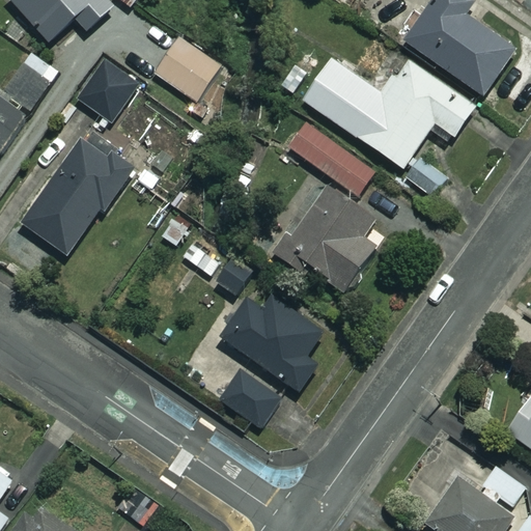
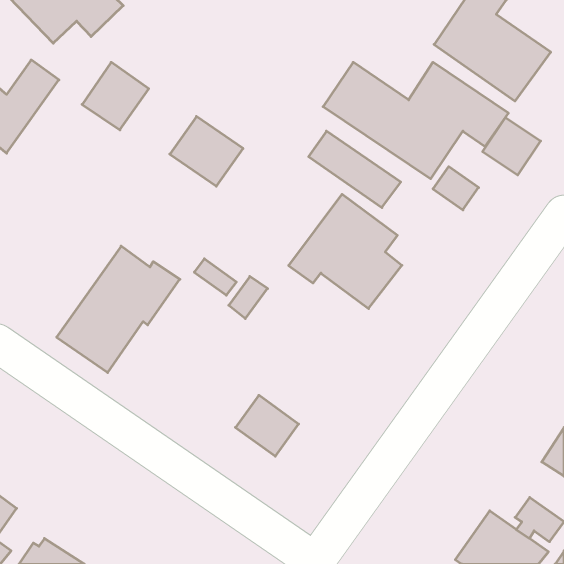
building: [153,36,222,102] -> [170,116,243,186]
building: none -> [483,117,541,175]
building: [21,137,136,255] -> [57,246,180,373]
building: [222,299,322,389] -> none

